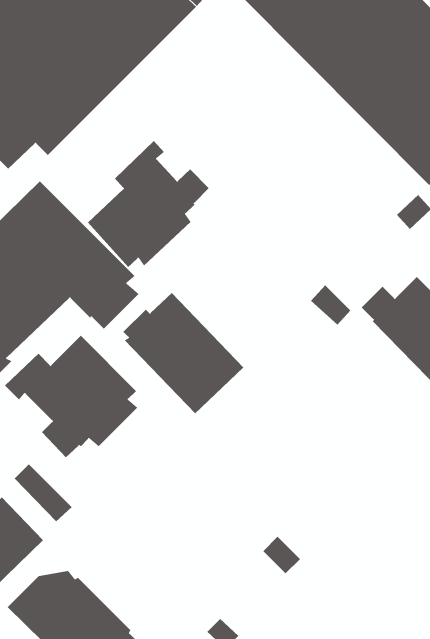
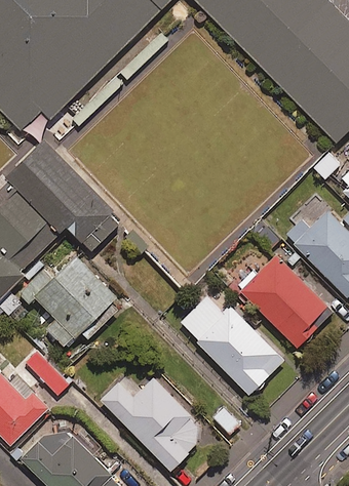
building: [87,140,210,268] -> none
building: [123,292,244,414] -> [193,303,284,395]
building: none -> [237,254,333,347]
building: none -> [103,378,197,470]

